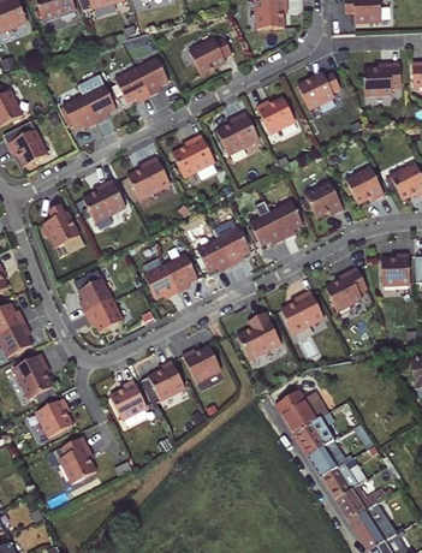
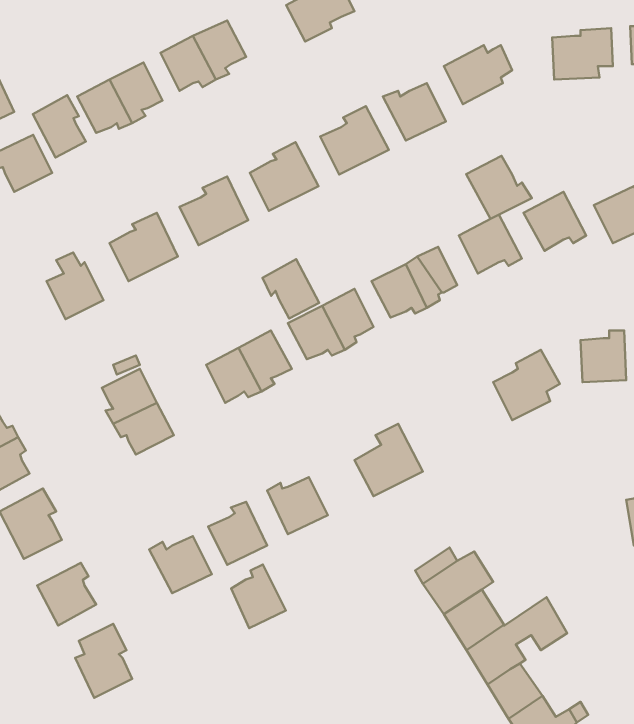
building: none -> [33,95,86,157]
building: none -> [466,156,532,219]
building: none -> [262,259,319,319]
building: [280,290,323,333] -> none
building: none -> [231,564,286,628]

